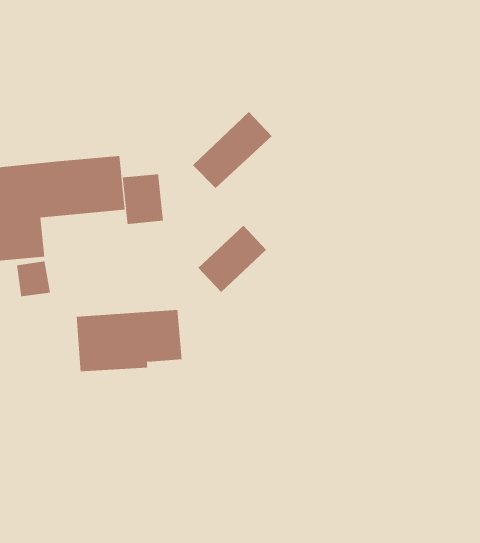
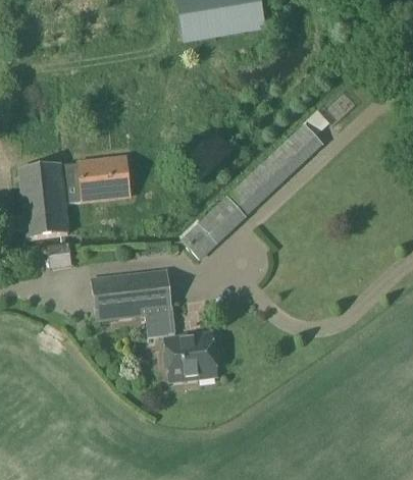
building: none -> [228,125,322,215]
building: [122,173,163,225] -> none
building: none -> [146,307,216,381]

